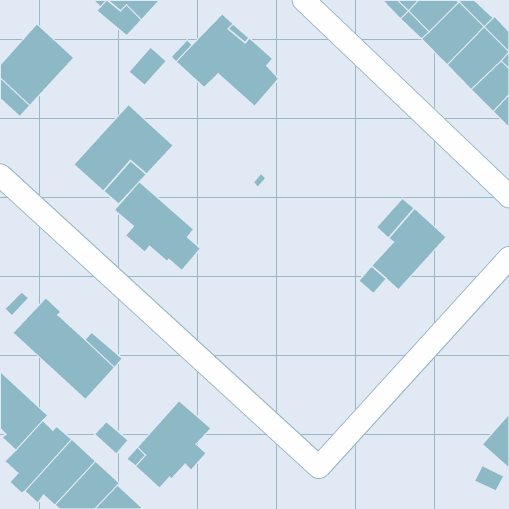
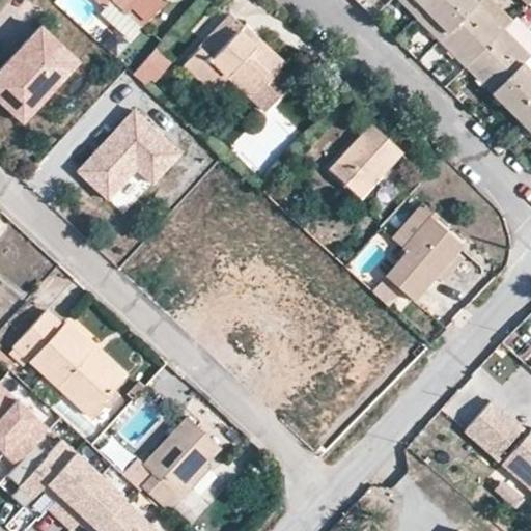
building: none -> [328,122,402,198]
building: [114,182,201,271] -> none
building: none -> [465,401,522,457]

